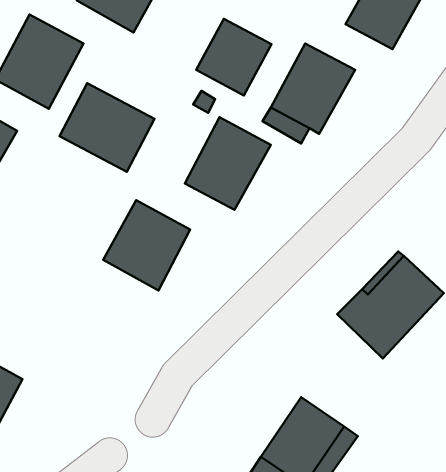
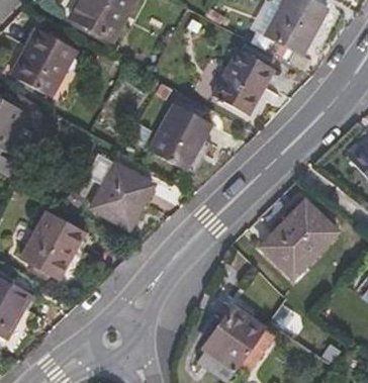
building: [196,19,271,95] -> none
building: [60,83,154,172] -> none
building: none -> [21,211,83,278]

